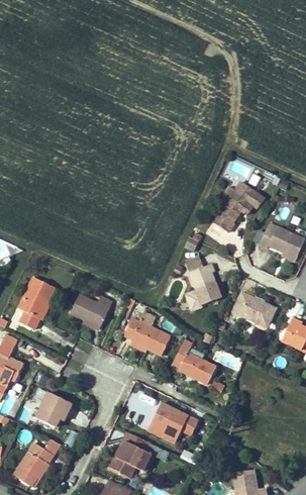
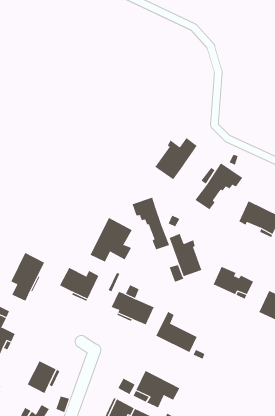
building: none -> [154,137,198,180]
building: none -> [132,197,170,250]
building: none -> [90,217,132,262]

